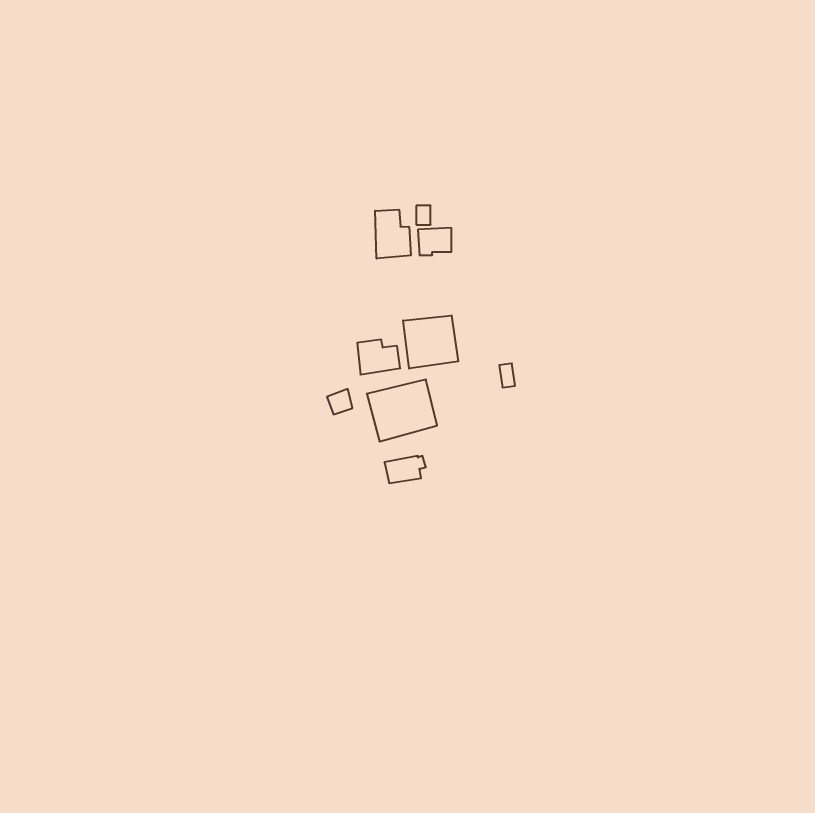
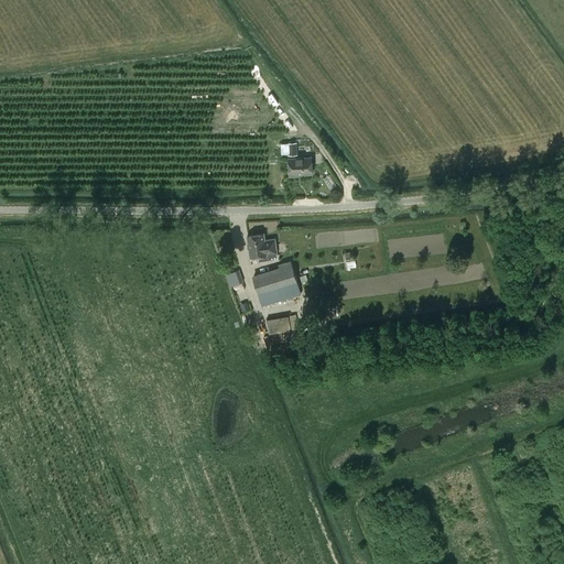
building: [375,210,411,259] -> none
building: [403,315,458,369] -> none

